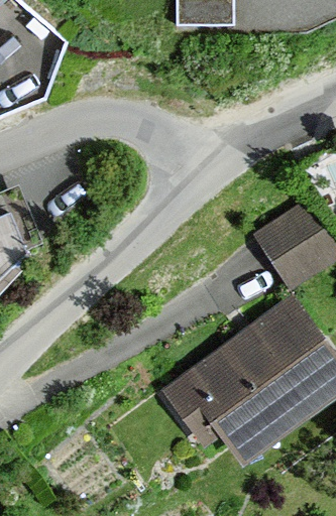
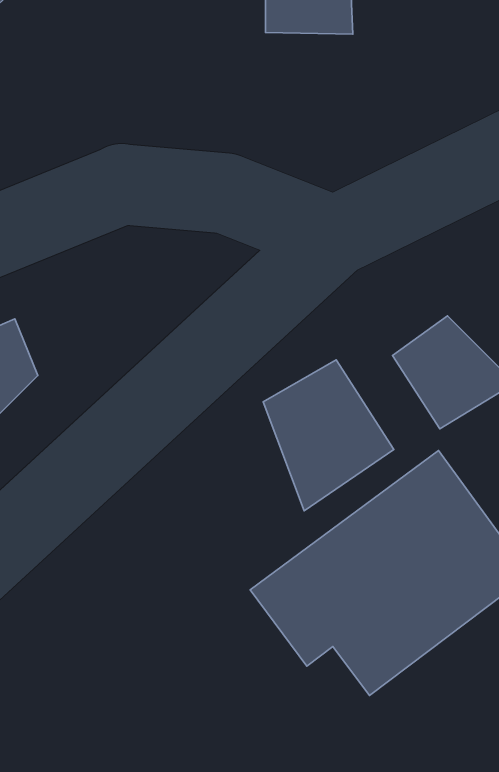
building: none -> [263,360,394,511]

